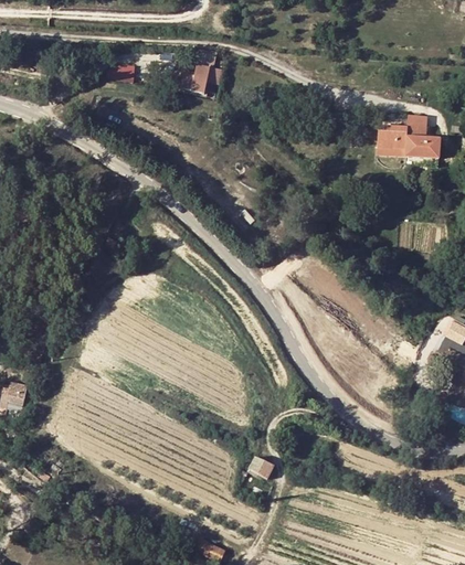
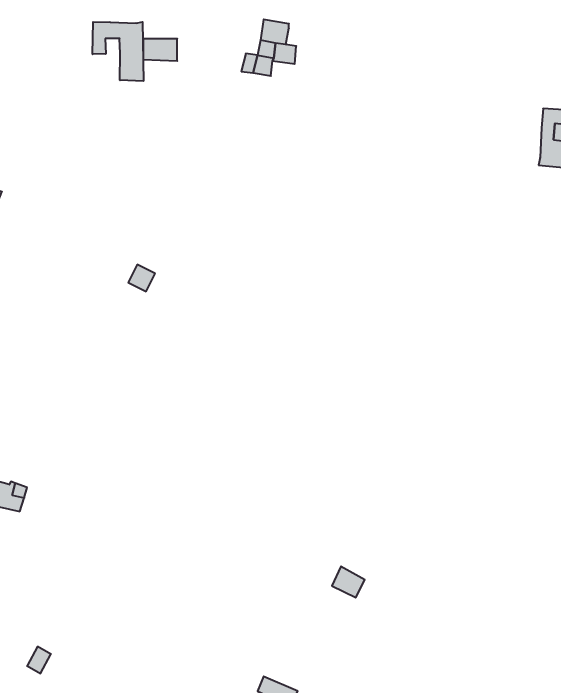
building: none -> [93,22,143,81]
building: [377,128,405,151] -> none

